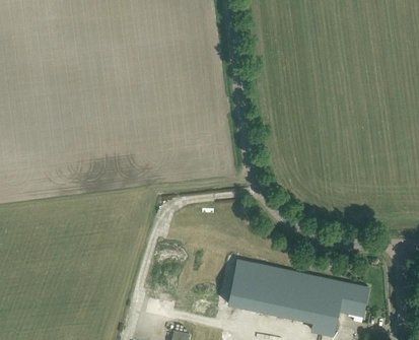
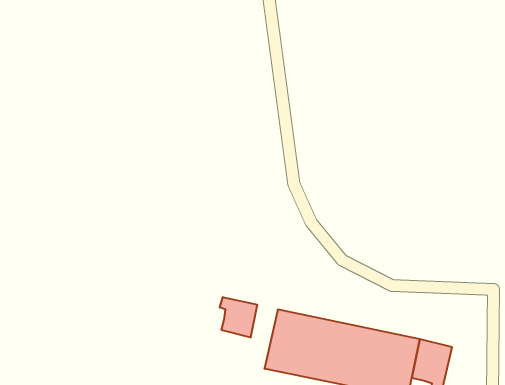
building: none -> [220,297,257,338]

